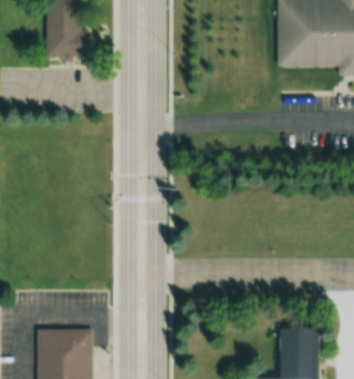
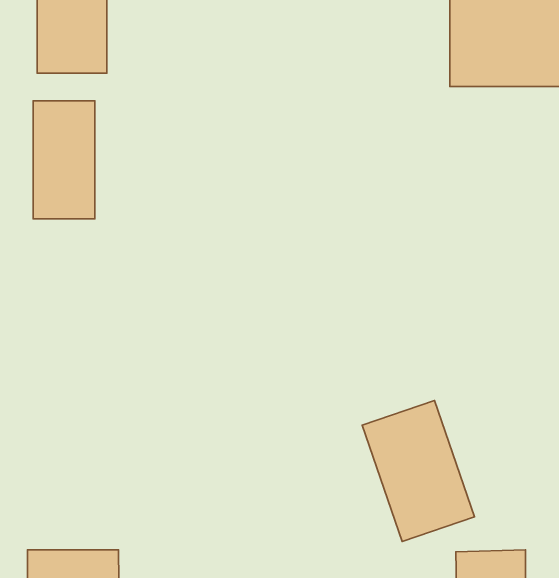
building: none -> [33,101,95,219]
building: none -> [362,400,474,542]

